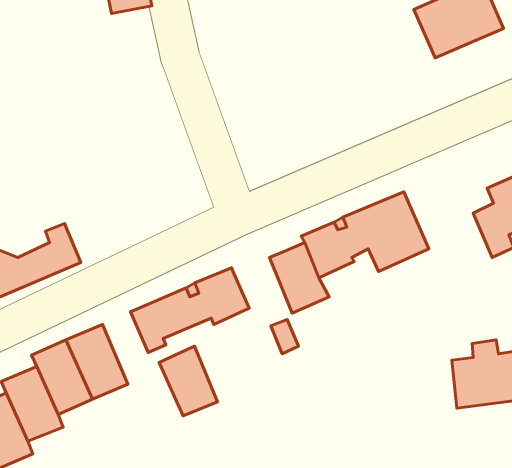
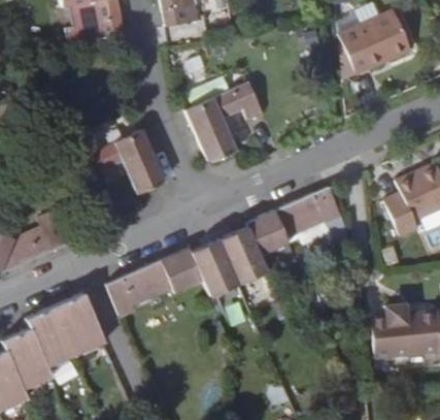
building: none -> [185,80,264,160]
building: none -> [79,128,165,193]
building: [159,346,217,416] -> [192,238,239,295]

